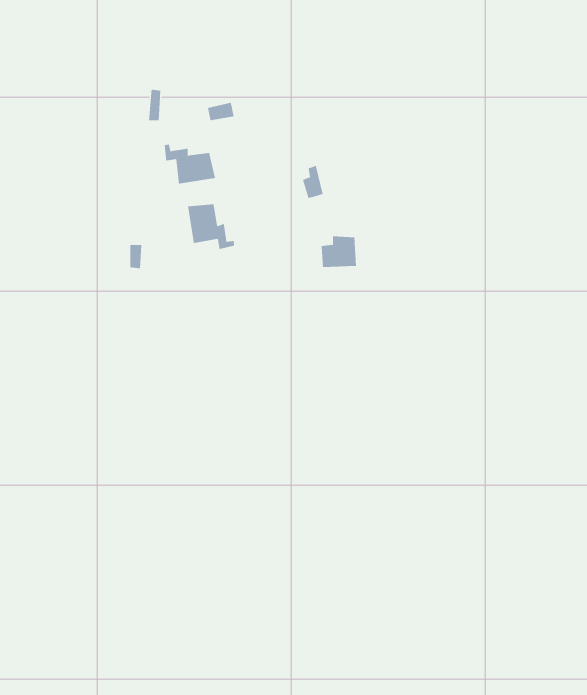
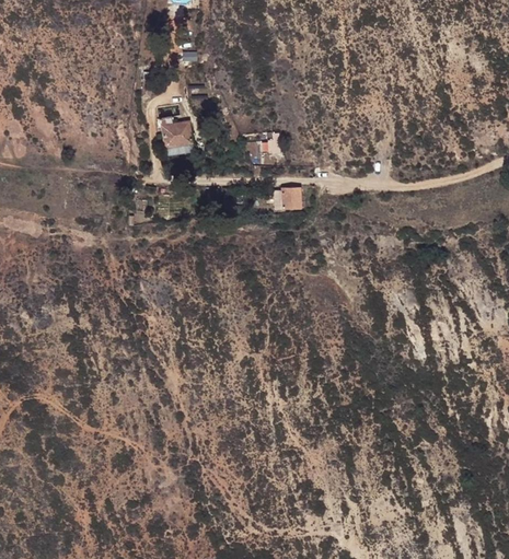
building: [188,204,234,250] -> none

